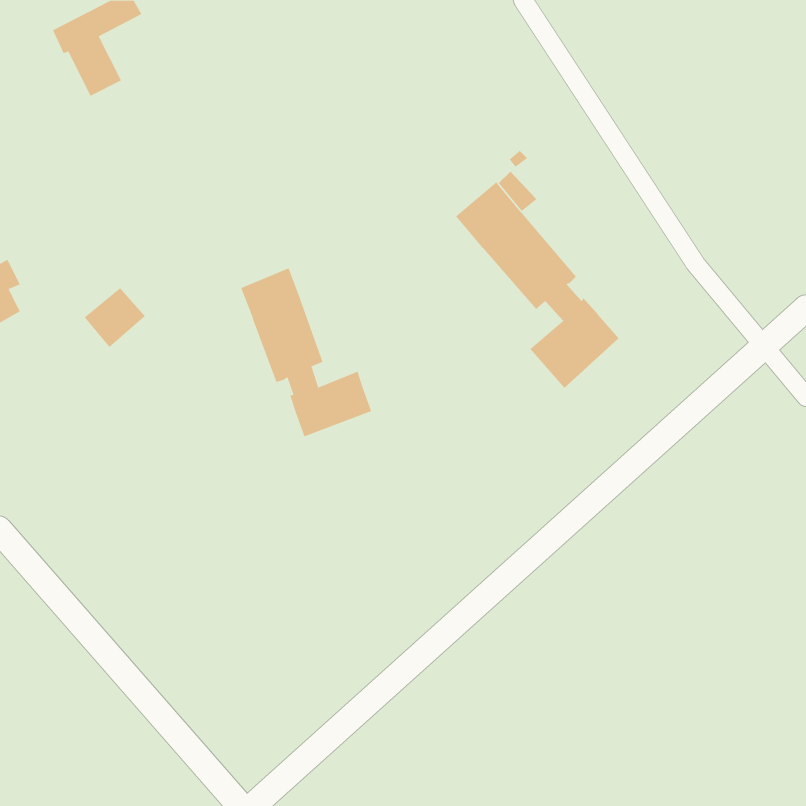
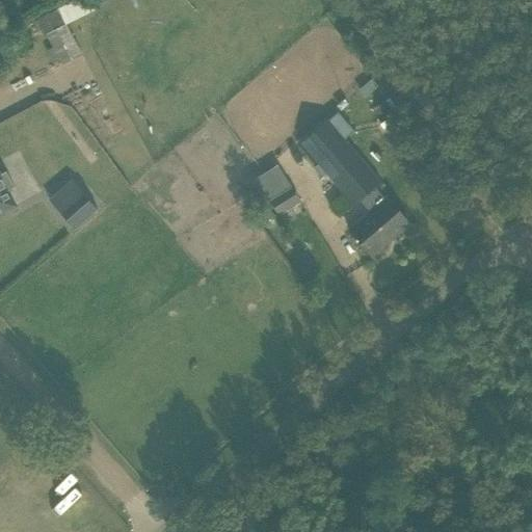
building: none -> [255,163,301,216]
building: [241,268,372,437] -> none

